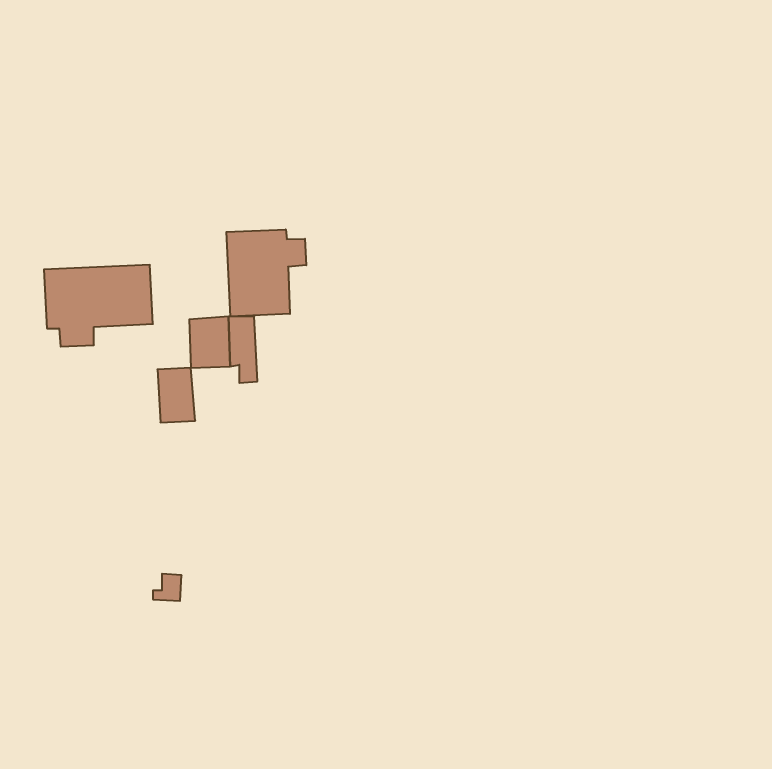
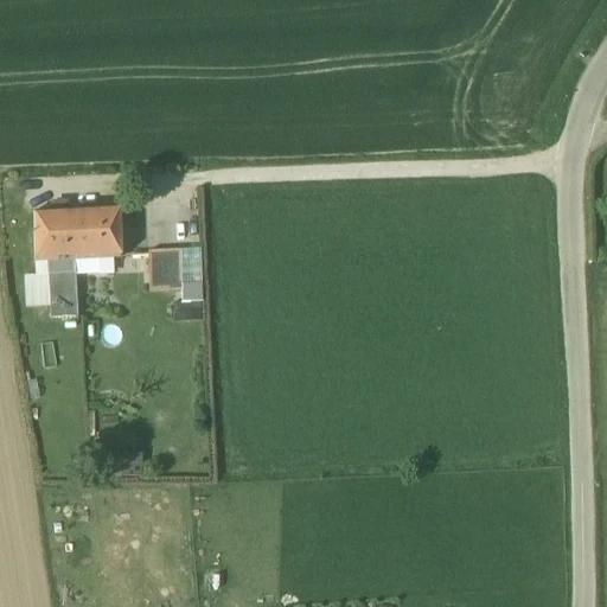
building: [226,229,306,316] -> none
building: [157,368,195,422] -> [49,270,78,313]

